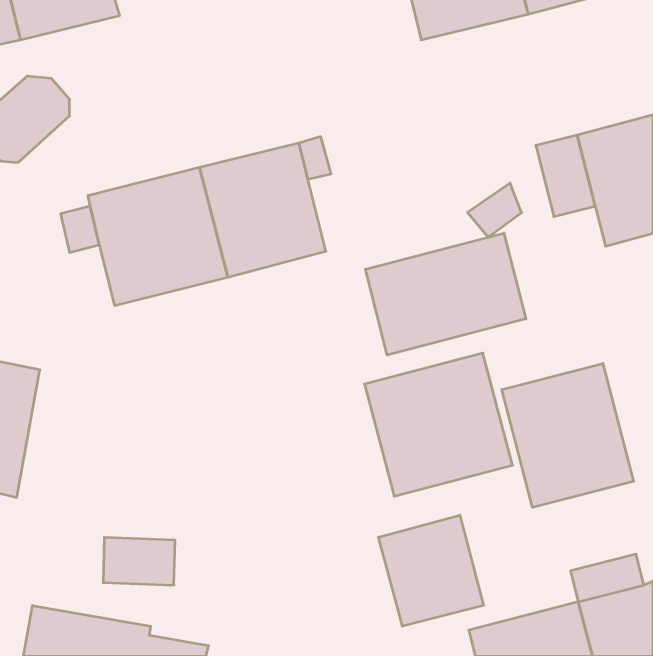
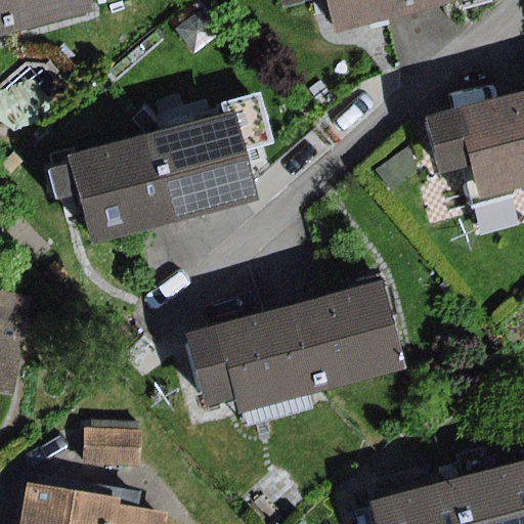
building: [365,233,526,355] -> none
building: [502,363,634,507] -> none
building: none -> [185,305,313,412]
building: [378,515,484,626] -> none

